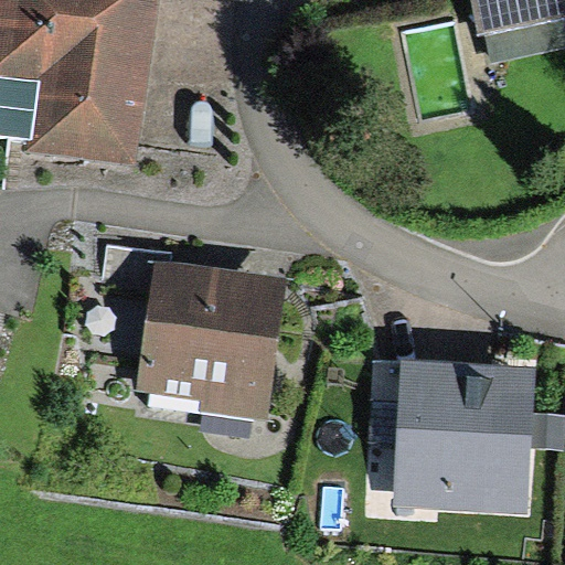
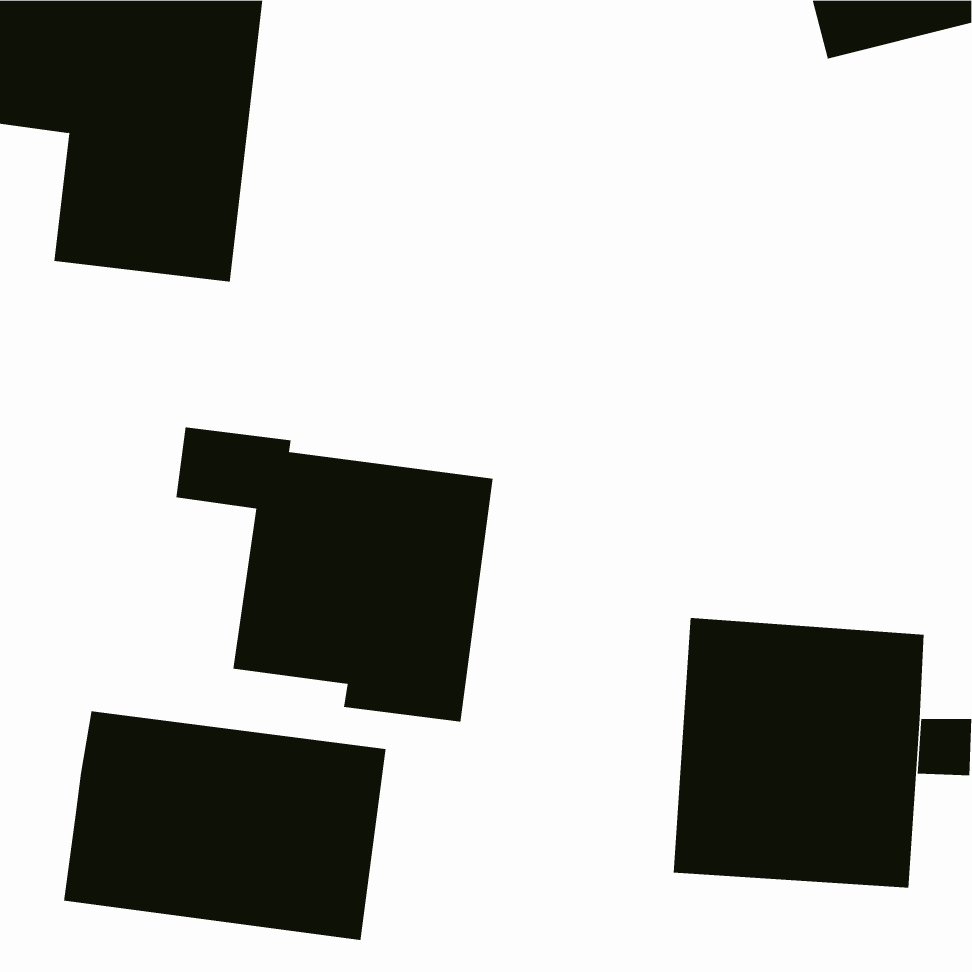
building: none -> [63,710,386,941]

